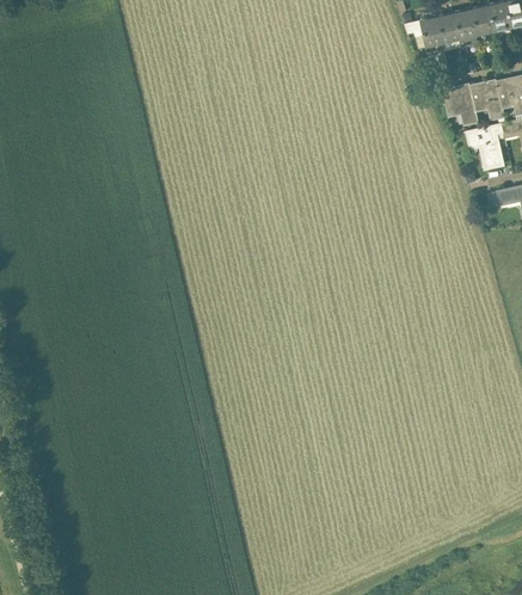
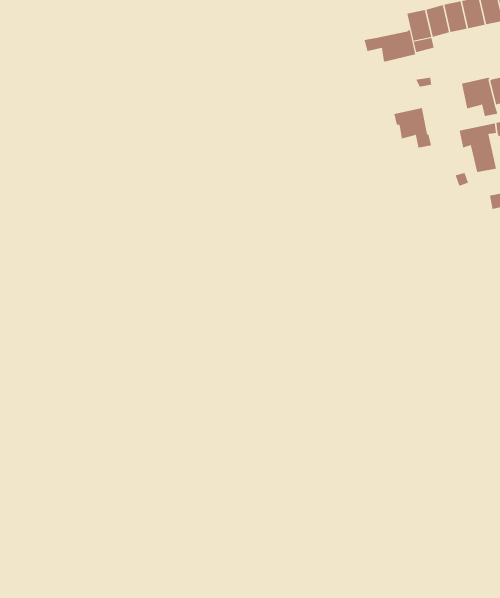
building: none -> [364,30,416,62]
building: [443,84,479,122] -> [394,107,432,148]

